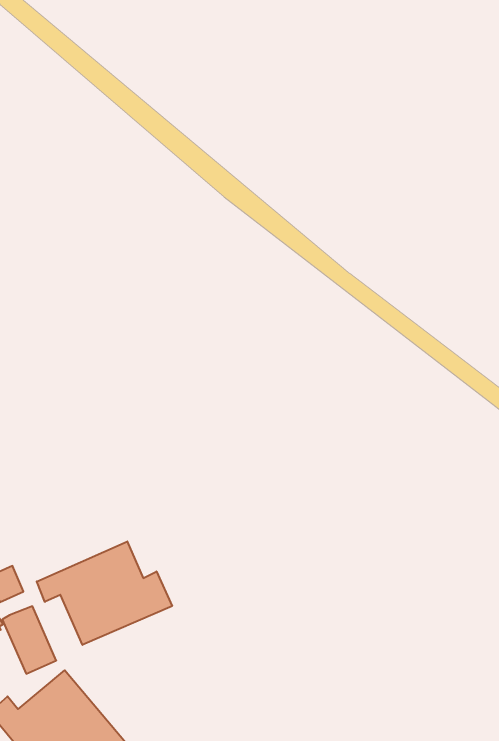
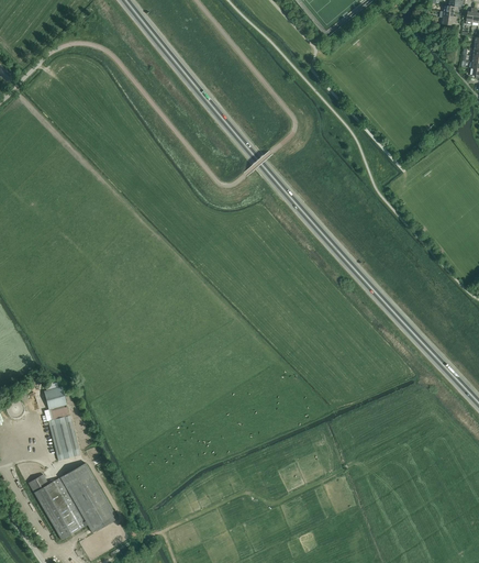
building: [37,541,172,645] -> none

